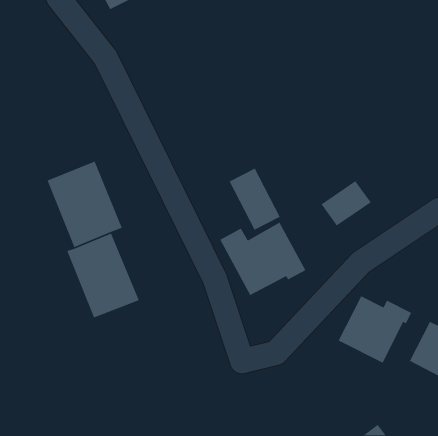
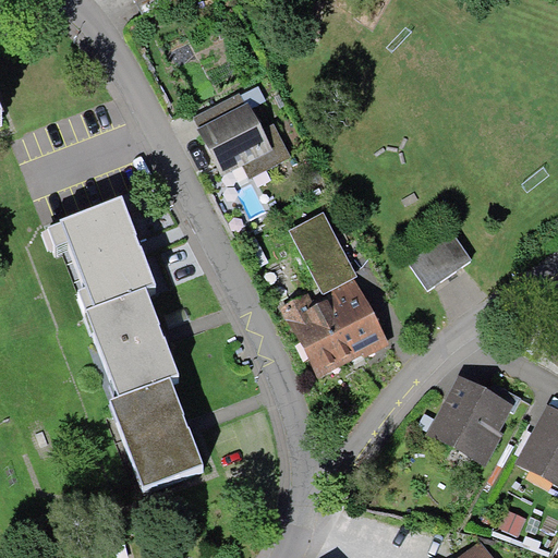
building: none -> [194,92,293,175]
building: none -> [110,386,202,494]

